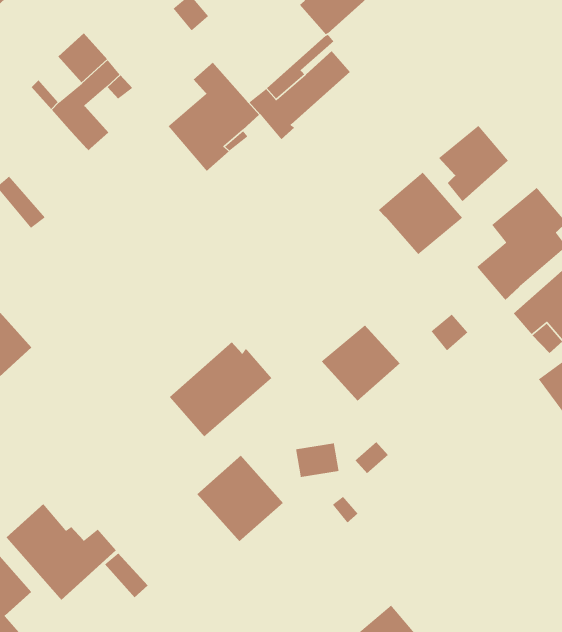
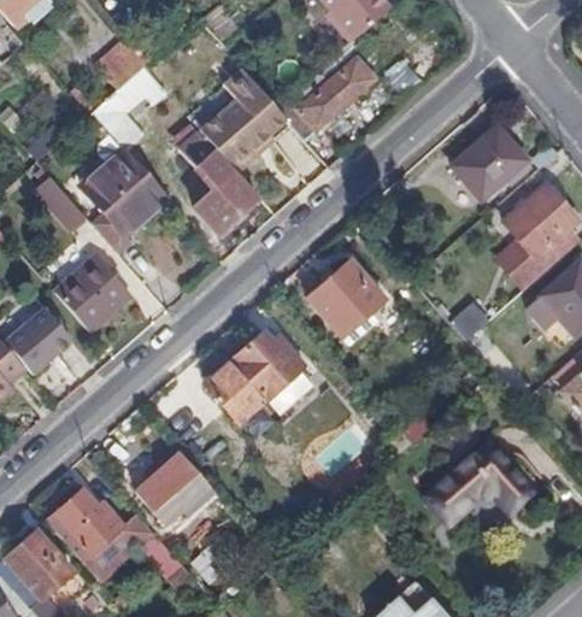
building: none -> [176,129,257,228]
building: none -> [84,135,165,249]
building: [378,171,463,255] -> none
building: none -> [54,254,130,329]
building: [321,324,400,402] -> [306,262,382,335]
building: none -> [427,440,531,524]
building: [197,455,284,542] -> [137,453,221,536]

